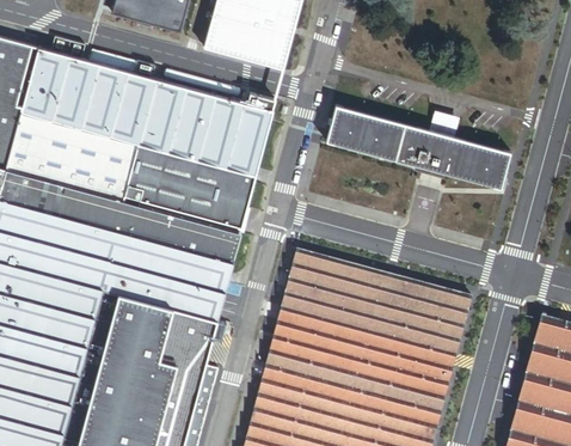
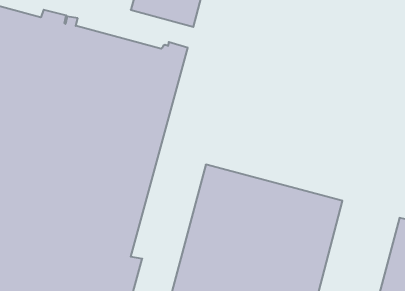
building: [325,105,508,188] -> none

